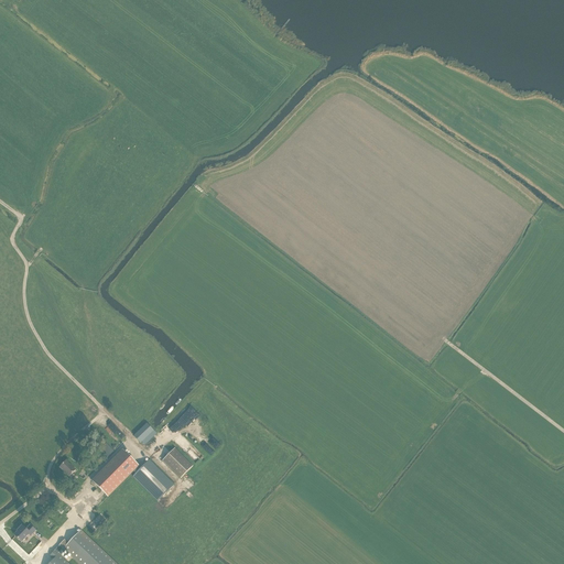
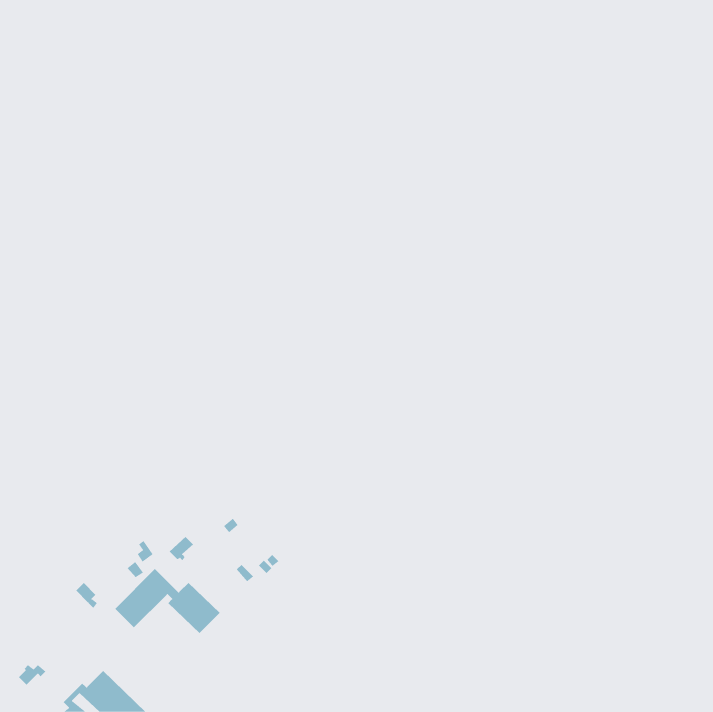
building: [163,447,193,477] -> none

